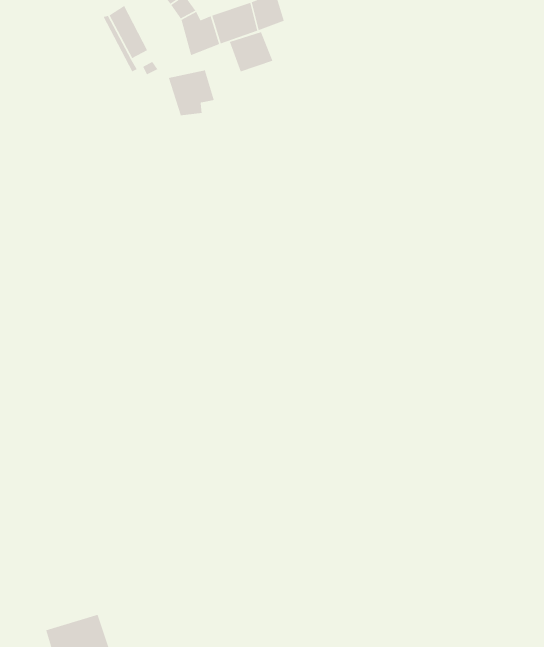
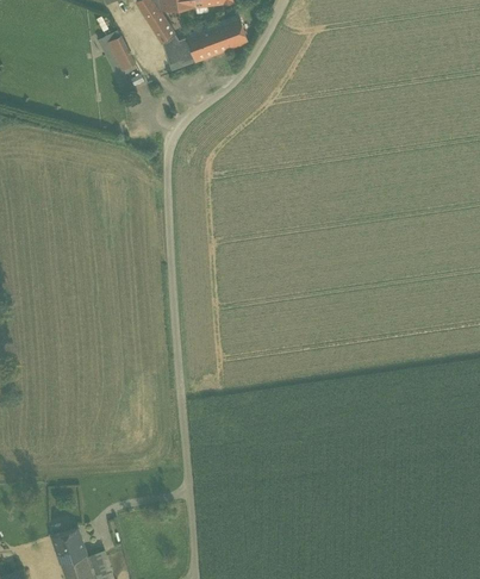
building: [229,31,274,72] -> none
building: [168,69,215,116] -> none

